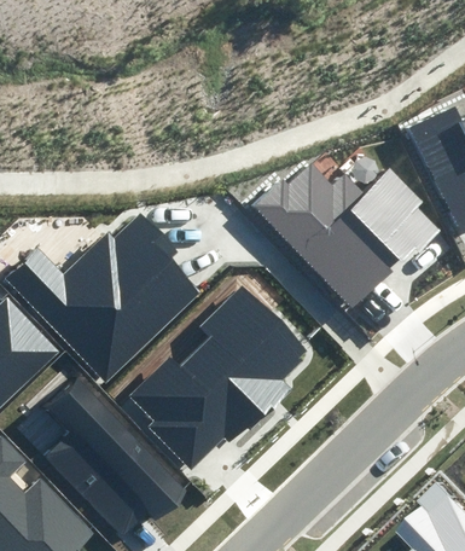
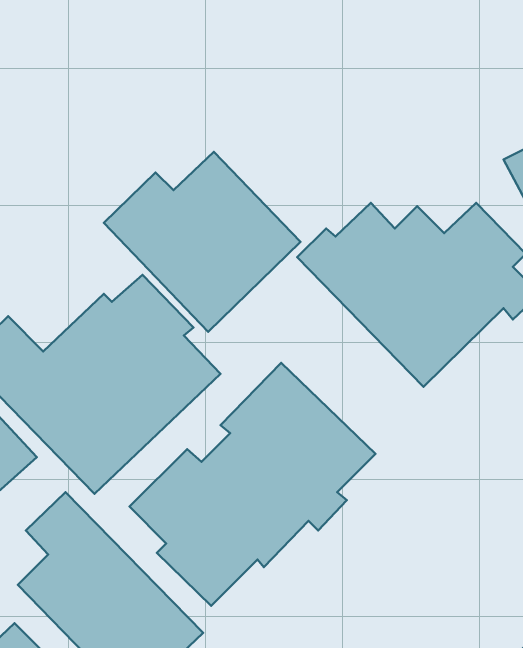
building: none -> [104,152,301,332]

